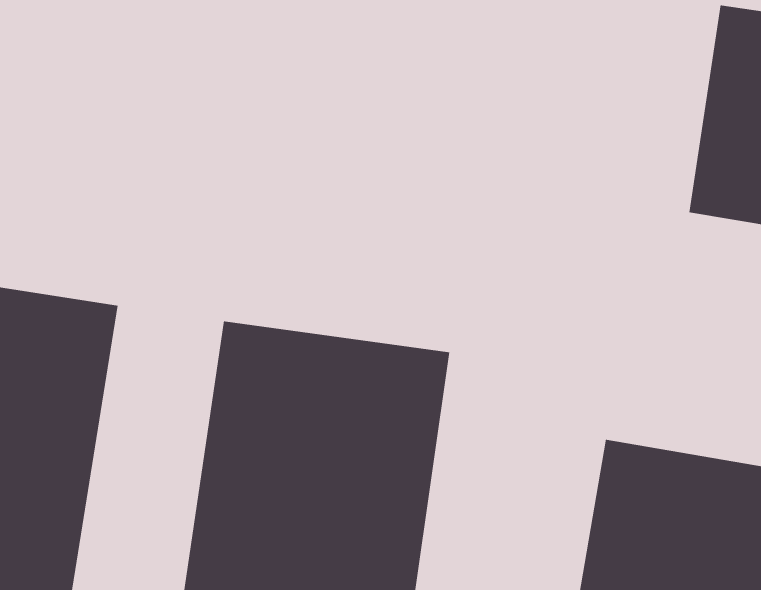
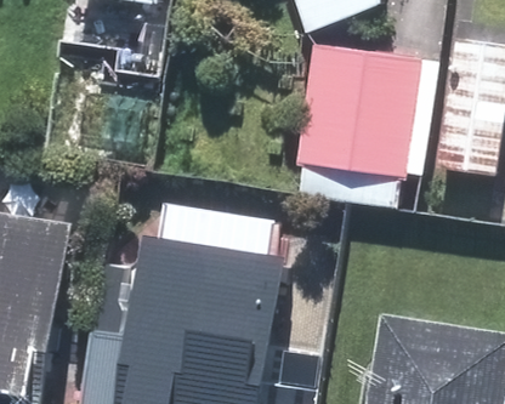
building: none -> [294,50,421,183]

